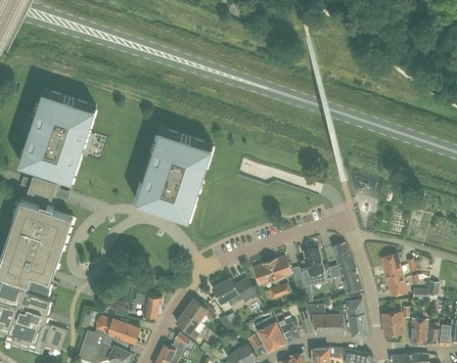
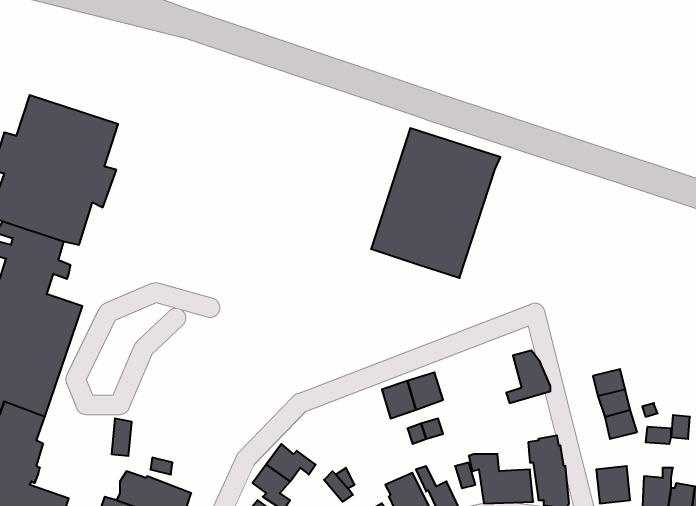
building: [135,128,213,218] -> [371,128,500,278]
building: [299,247,323,287] -> none
building: [330,267,362,292] -> none
building: [212,277,258,304] -> none
building: [134,293,162,318] -> none

